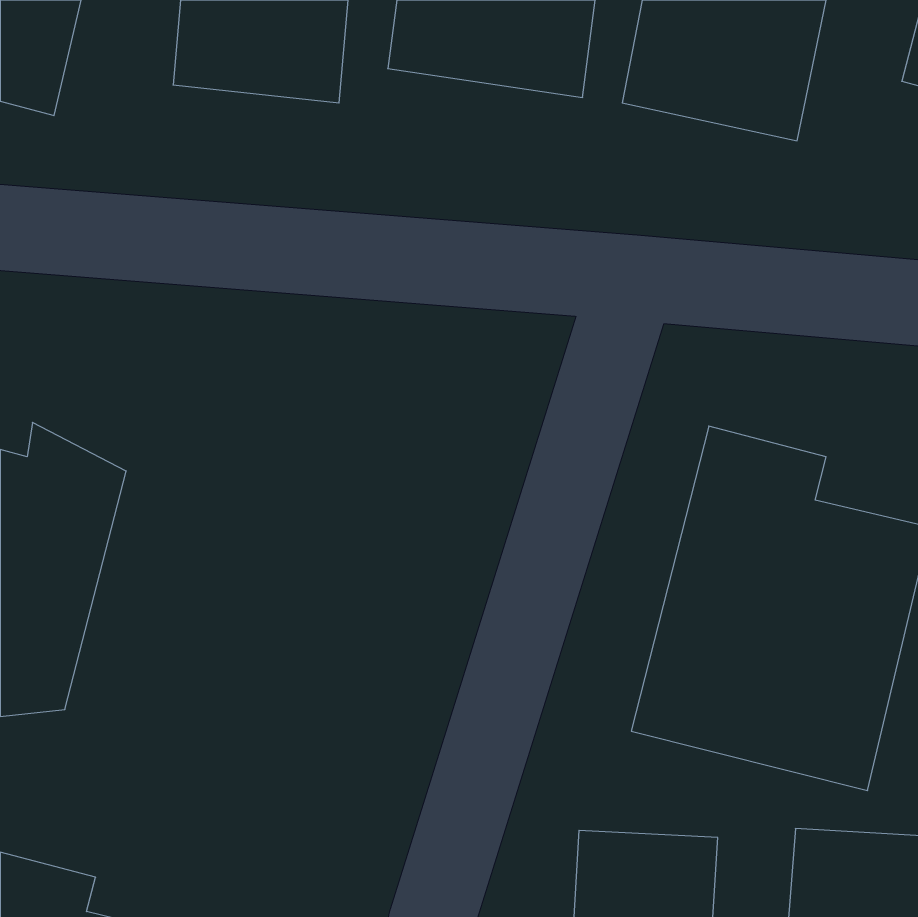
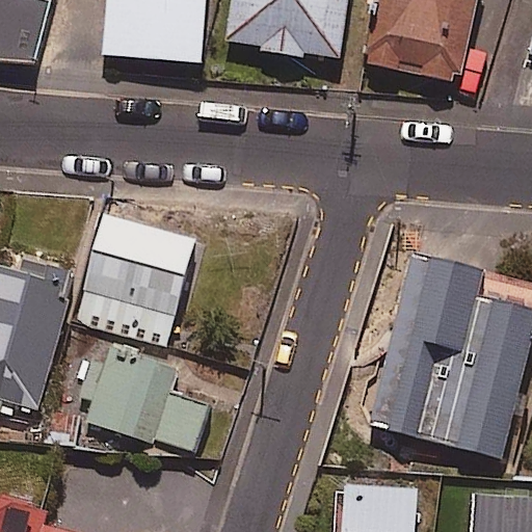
building: none -> [81,212,195,347]
building: none -> [75,349,209,450]

